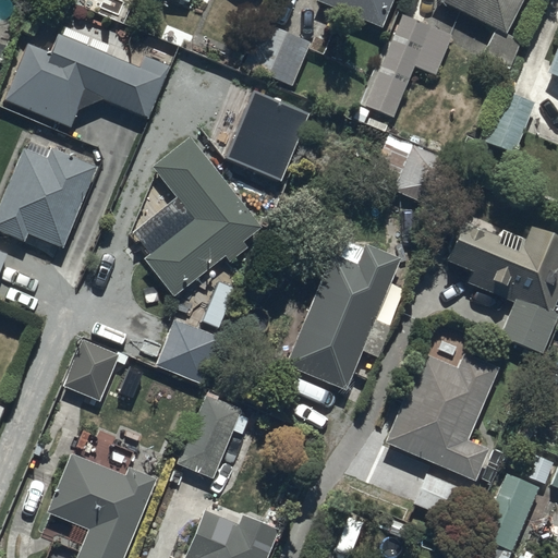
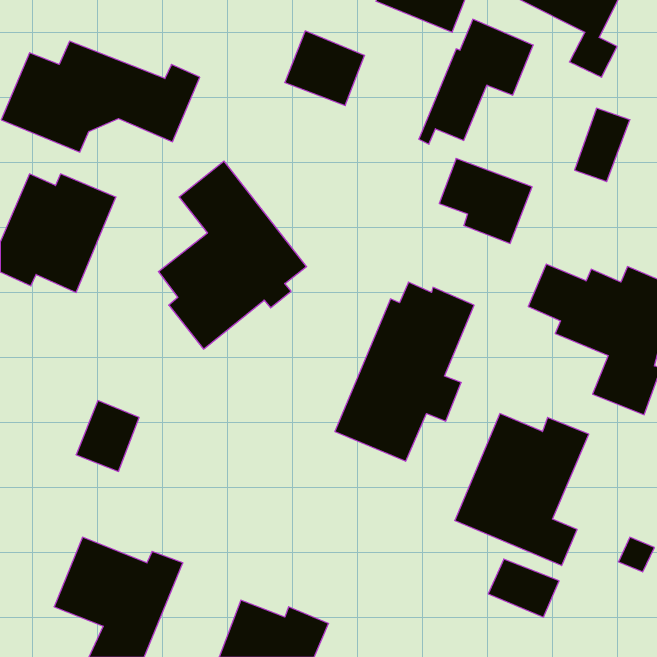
building: [227,89,312,181] -> none
building: [158,319,223,384] -> none
building: [179,389,242,476] -> none
building: [481,472,543,550] -> none

